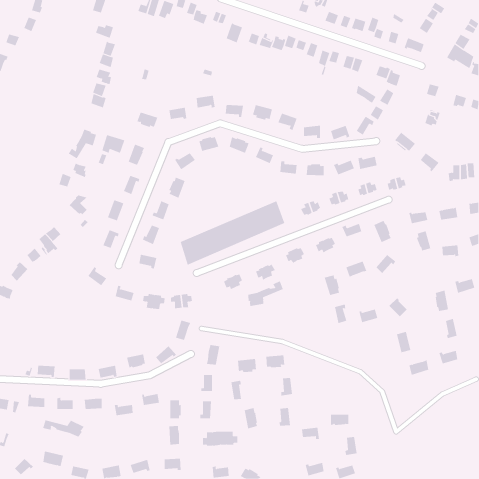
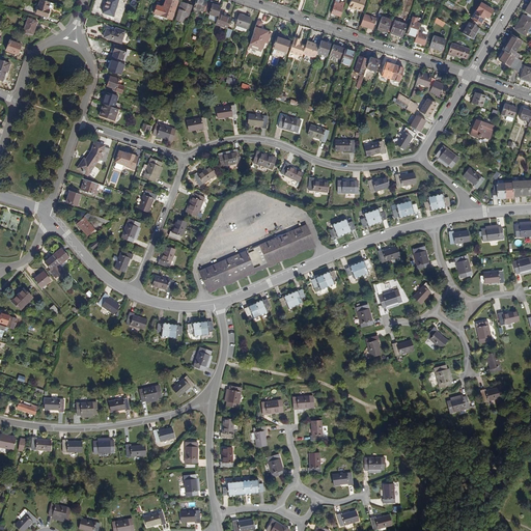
building: [248,280,283,307] -> none
building: [42,419,84,437] -> none

